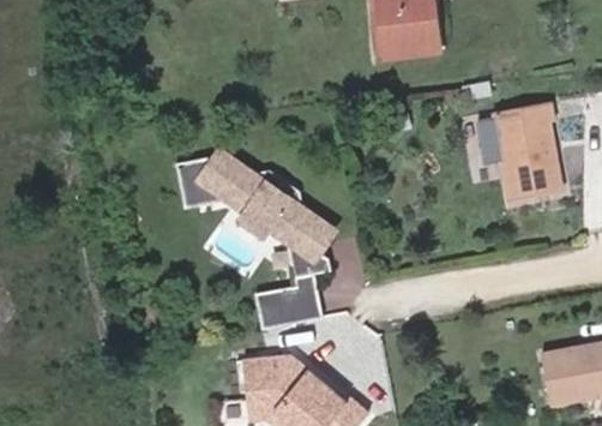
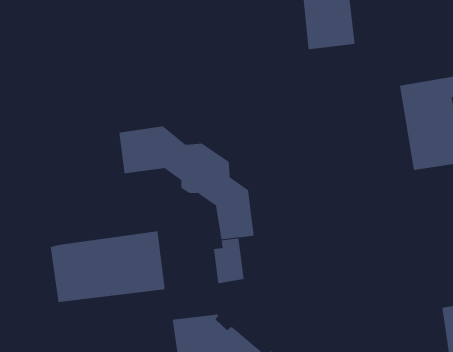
building: none -> [50,230,165,303]
building: [253,286,289,329] -> none

